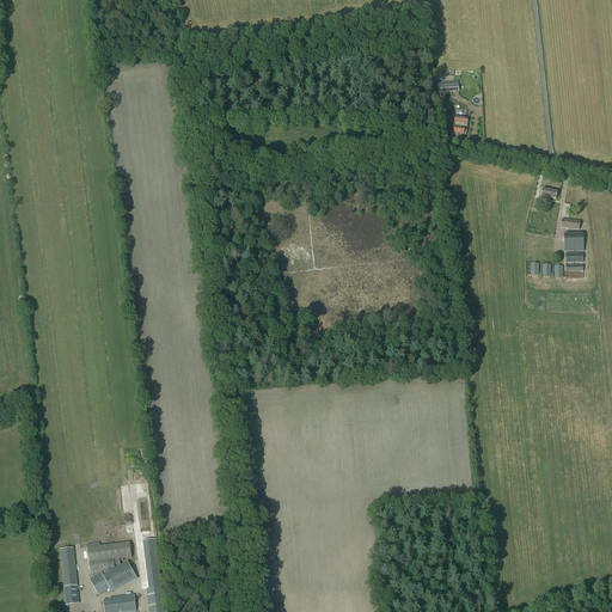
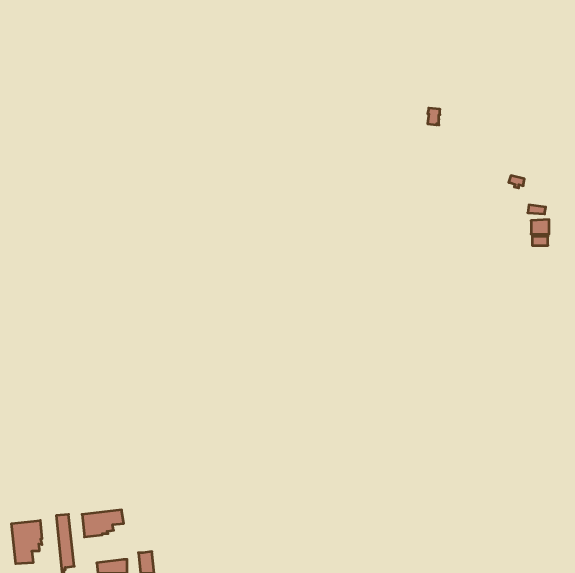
building: none -> [12,520,42,564]
building: [90,561,136,593] -> none

